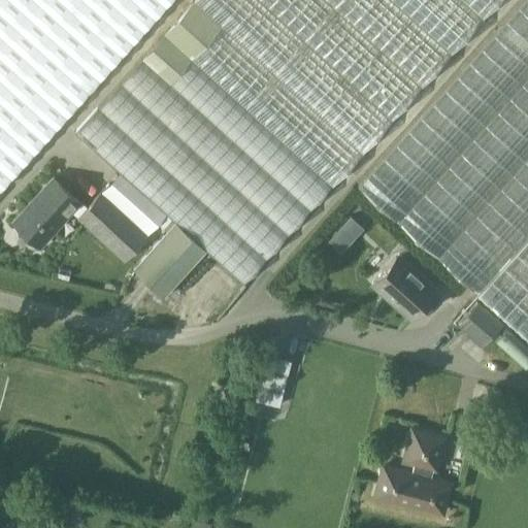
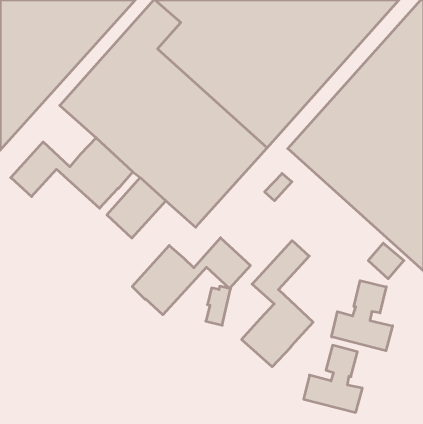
building: [375,256,435,315] -> none
building: none -> [132,238,250,315]
building: none -> [242,241,313,367]
building: none -> [332,281,393,351]

